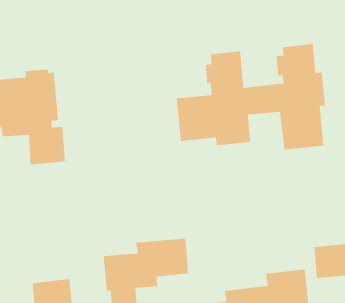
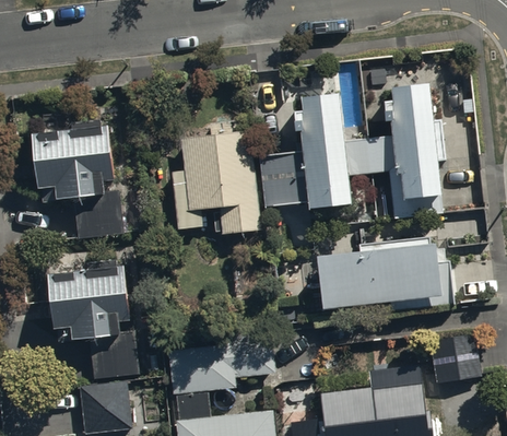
building: none -> [170,121,261,234]
building: none -> [318,241,451,310]
building: none -> [48,256,141,377]

